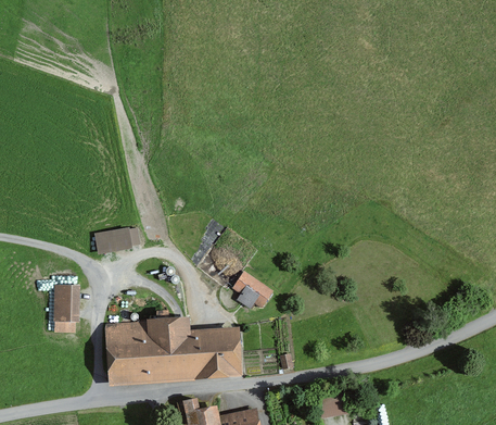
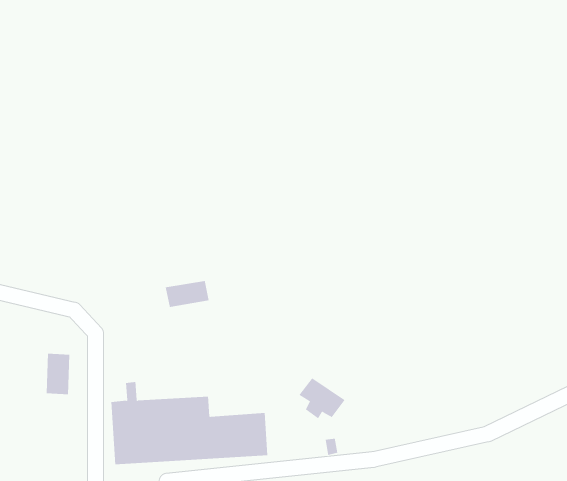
building: [96,229,131,251] -> [165,280,209,307]
building: [234,274,272,308] -> [298,377,346,419]

